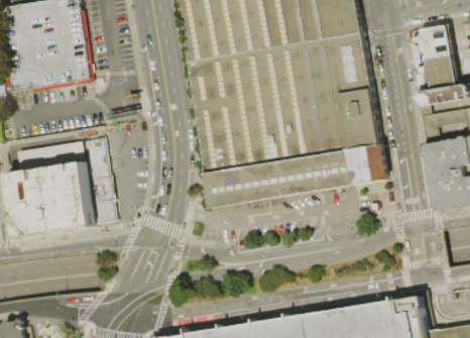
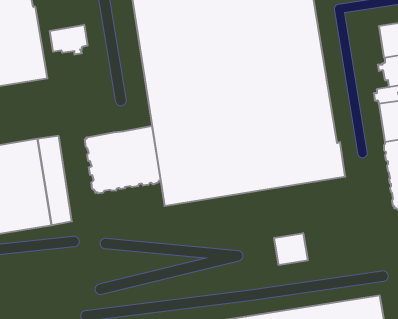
building: none -> [50,25,87,55]
building: none -> [85,126,161,193]
building: none -> [274,233,308,265]

